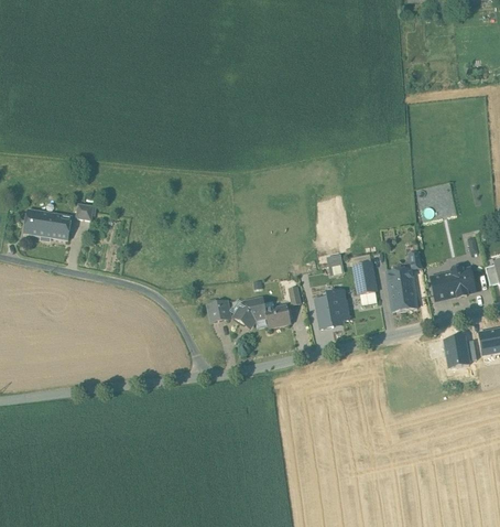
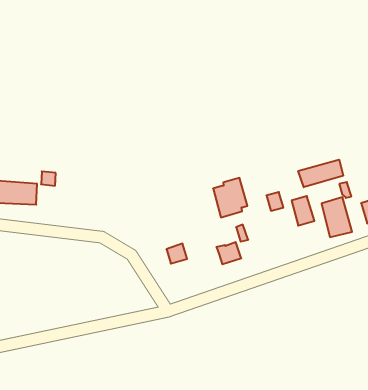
building: none -> [298,160,343,187]
building: [314,288,350,330] -> [213,178,247,217]
building: [233,298,267,327] -> none

